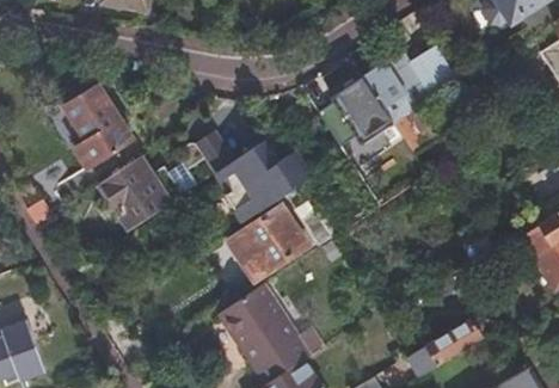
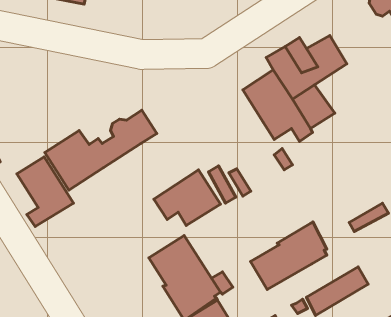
building: [67,84,134,166] -> [17,157,74,227]
building: [213,140,308,226] -> none
building: none -> [251,222,327,290]

